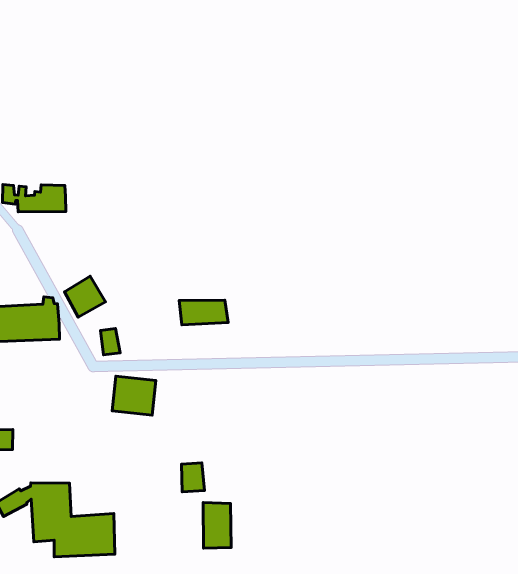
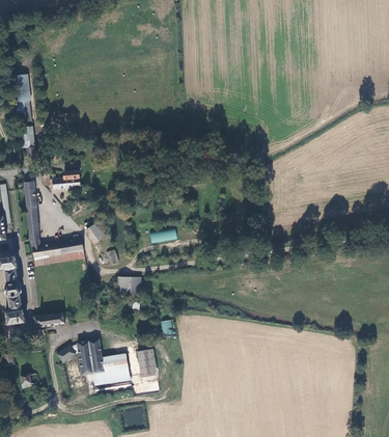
building: [203,502,231,548] -> [137,351,156,378]

